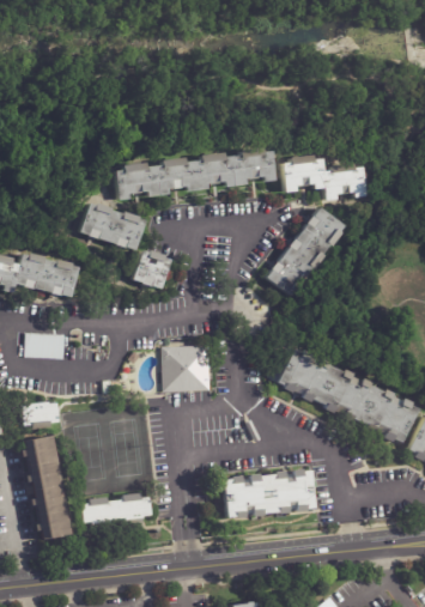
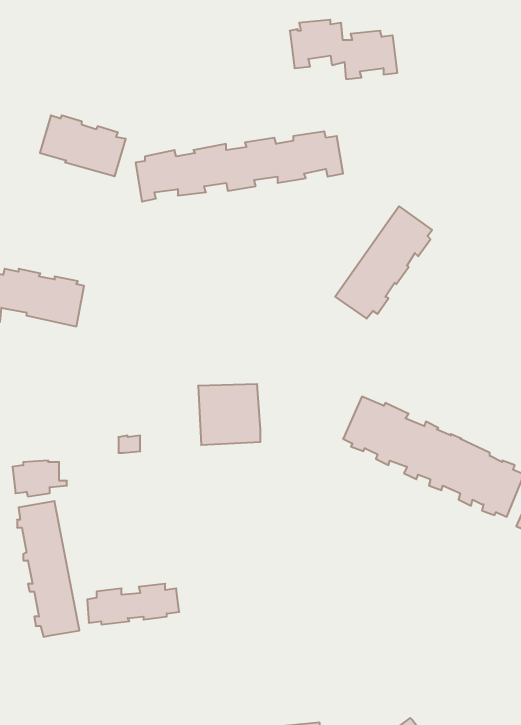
building: [280,154,363,200] -> [290,20,397,79]
building: [81,202,147,249] -> [40,115,126,176]
building: [135,251,172,290] -> none
building: [24,333,63,359] -> none
building: [223,468,315,520] -> none

